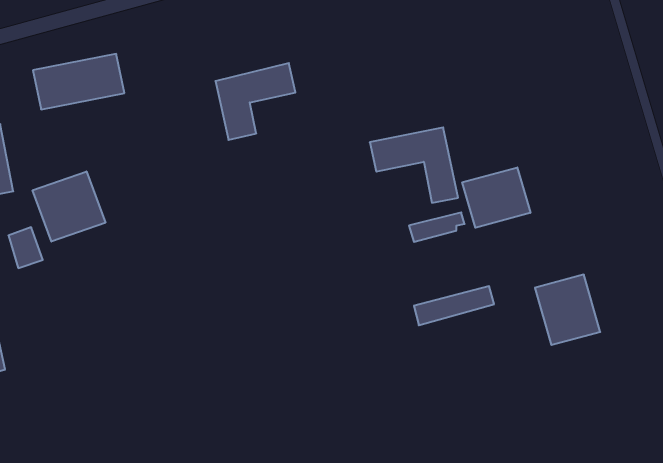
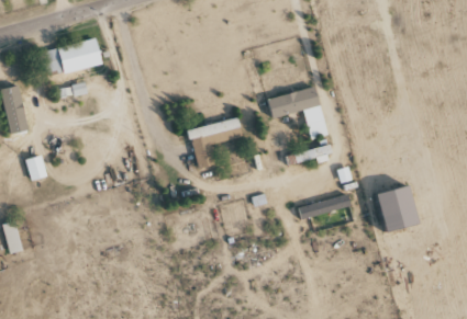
building: [215,63,295,140] -> [188,117,242,169]
building: [462,167,530,228] -> none
building: [33,171,105,242] -> none

